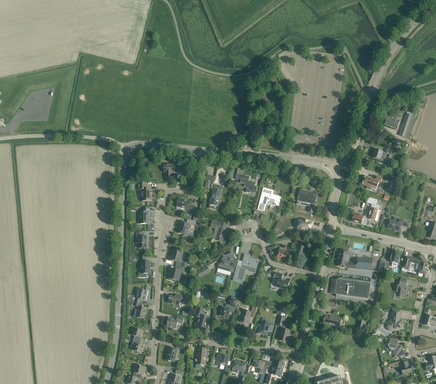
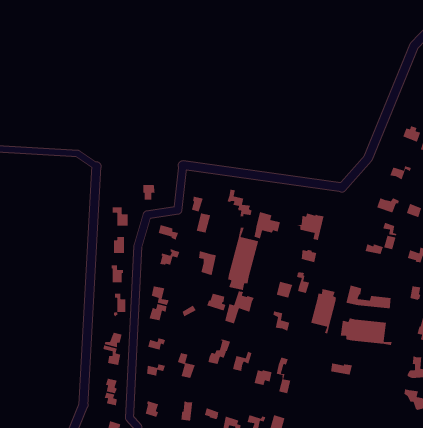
building: none -> [227,227,259,291]
building: none -> [310,288,337,334]

